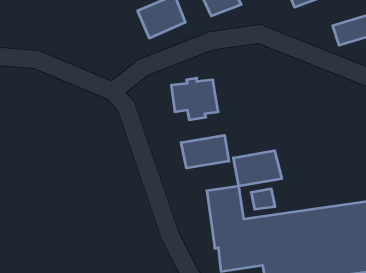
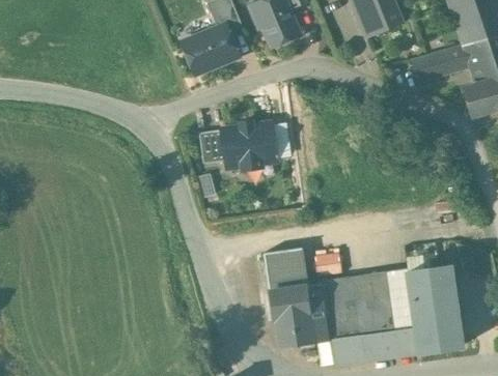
building: none -> [199,129,226,164]
building: [181,135,229,168] -> none
building: [233,151,282,186] -> none

